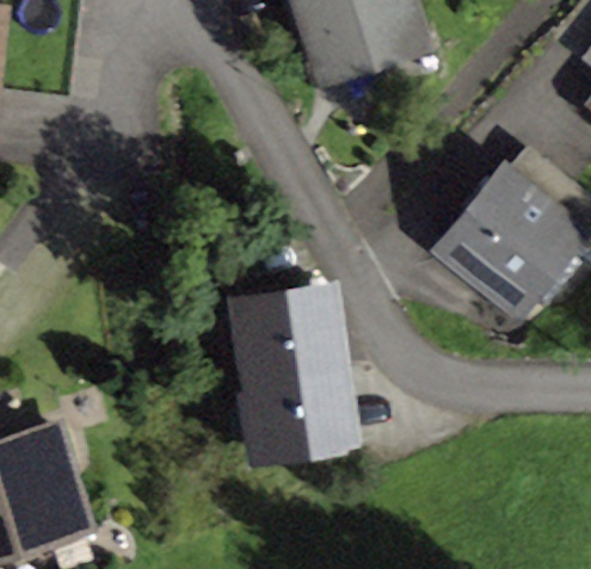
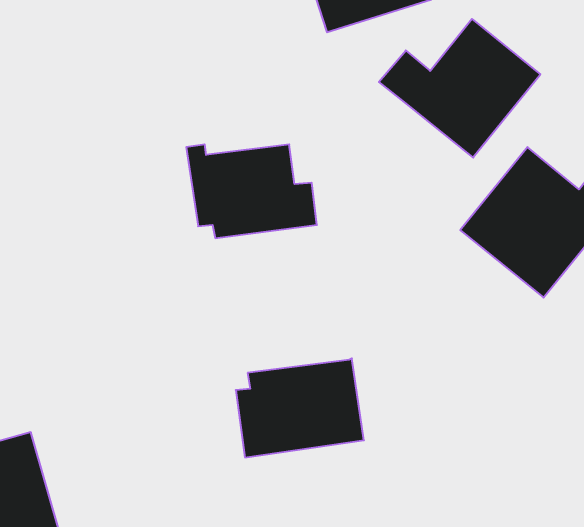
building: none -> [379,19,540,158]
building: [226,295,344,379] -> [186,144,317,238]

